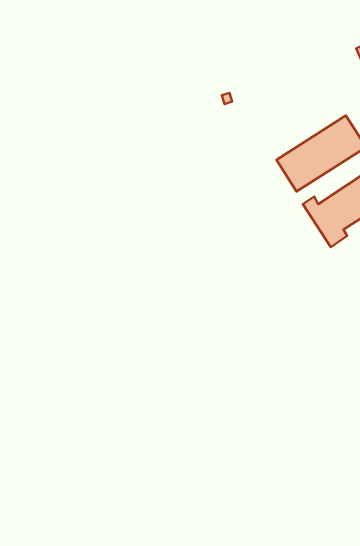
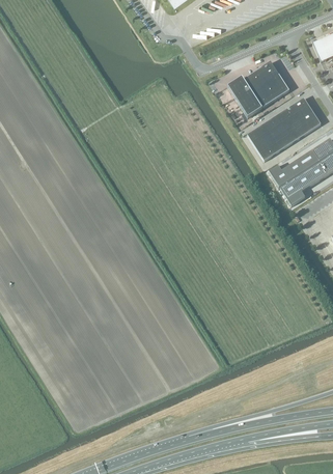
building: none -> [228,60,290,115]

